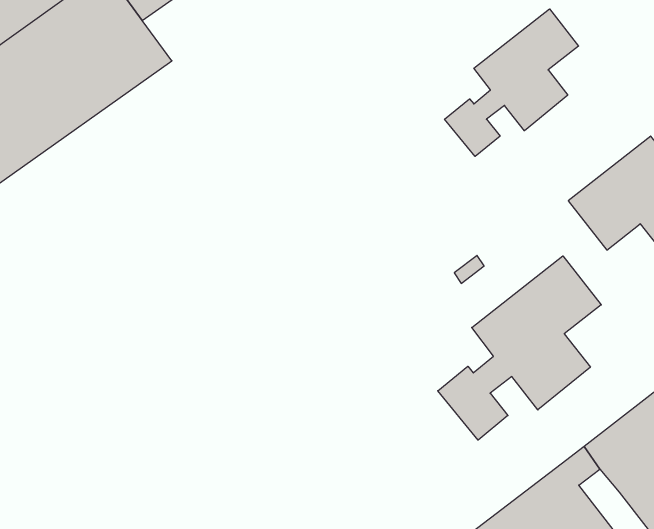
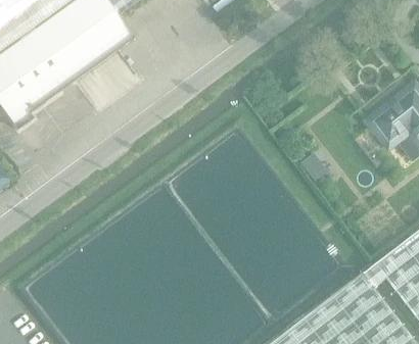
building: [445,9,579,156] -> none
building: [438,256,601,440] -> none

